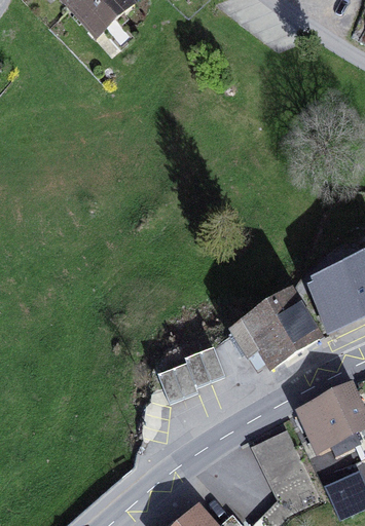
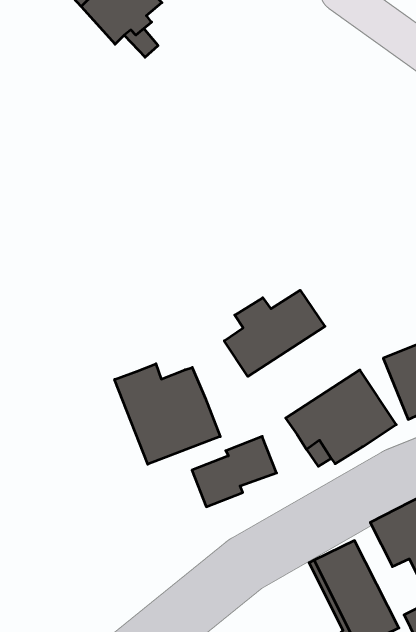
building: none -> [224,290,325,376]
building: none -> [115,364,220,464]

